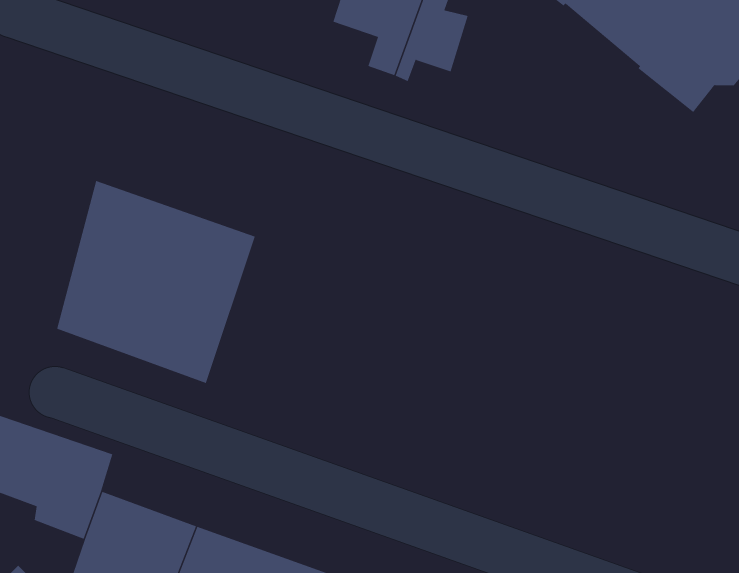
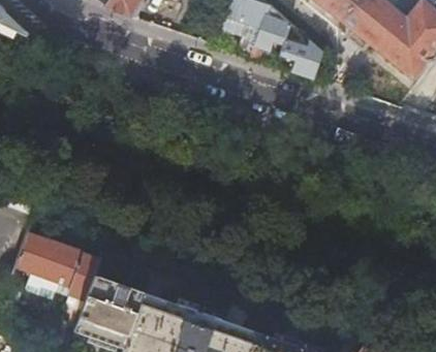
building: none -> [277,24,321,76]
building: [56,180,256,384] -> none

